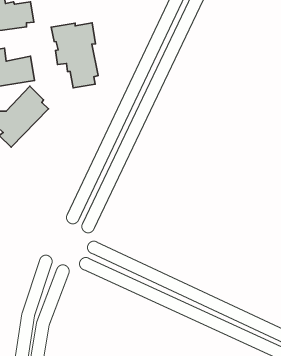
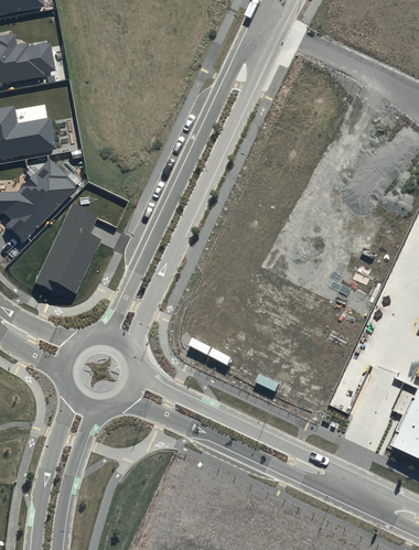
building: [51,23,98,88] -> none
building: none -> [35,203,101,298]

